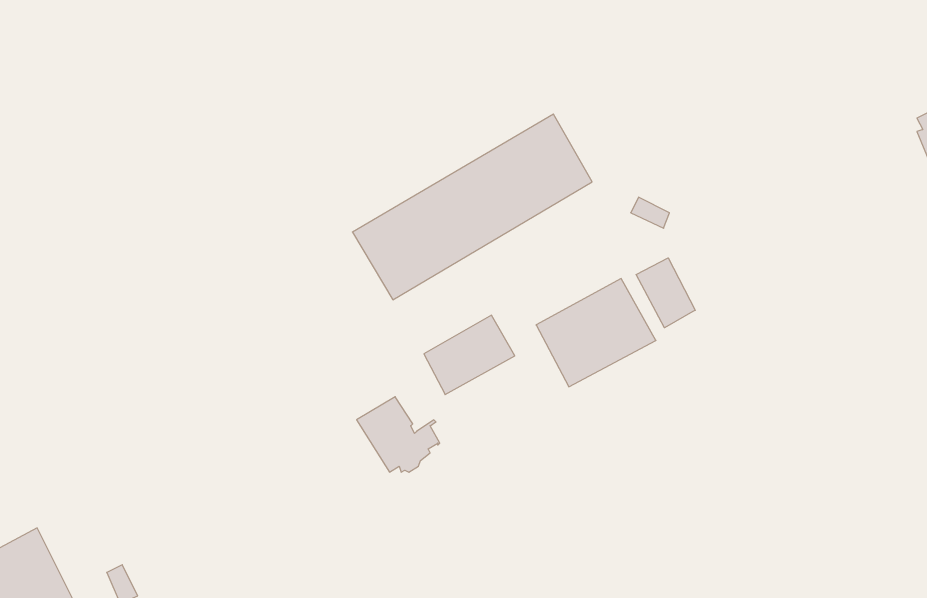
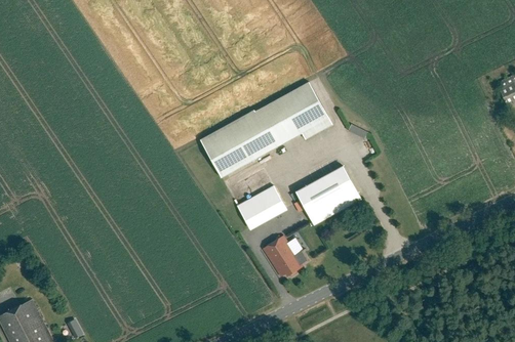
building: [636,258,695,328] -> none
building: [357,397,440,472] -> [263,237,307,276]

